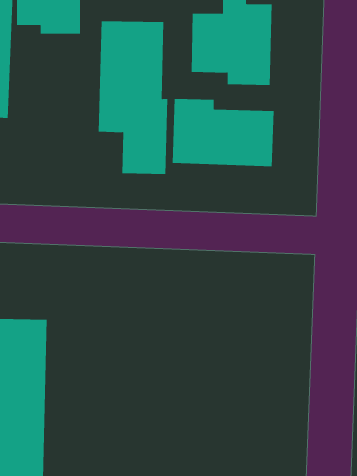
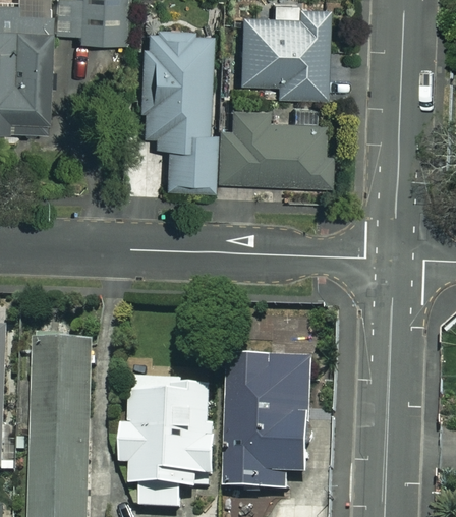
building: none -> [227,359,315,490]
building: none -> [121,380,215,509]

